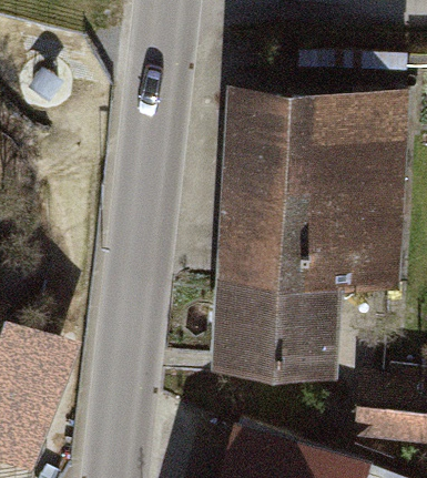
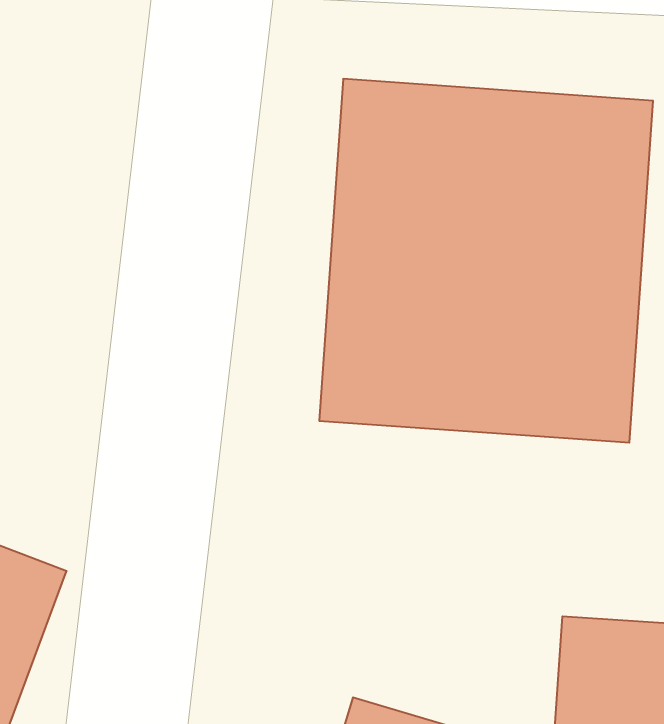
building: [211,271,344,369] -> none

